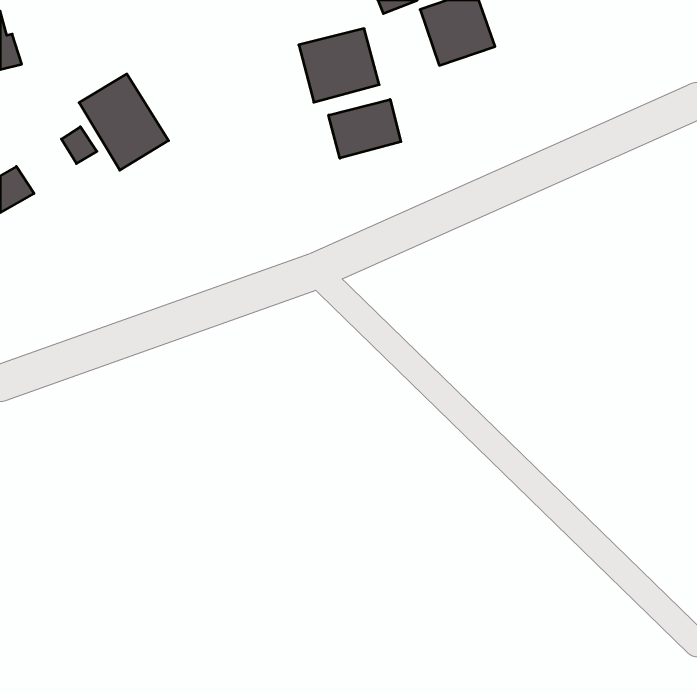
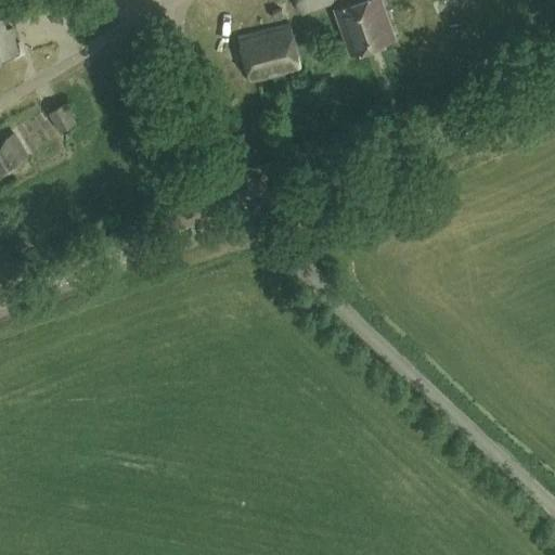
building: [79,74,169,170] -> none
building: [329,99,401,158] -> none

